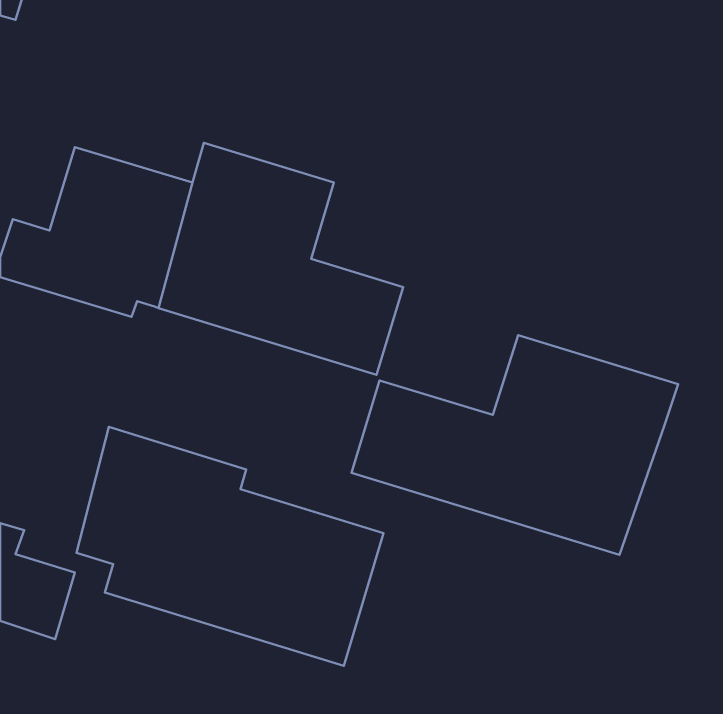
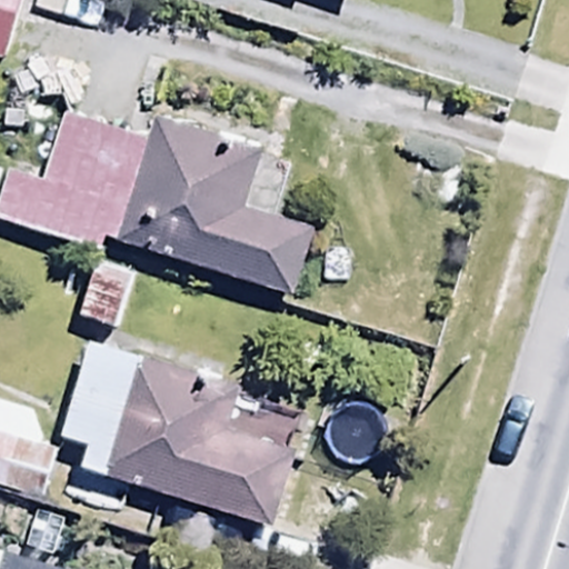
building: [351,335,678,555] -> none

